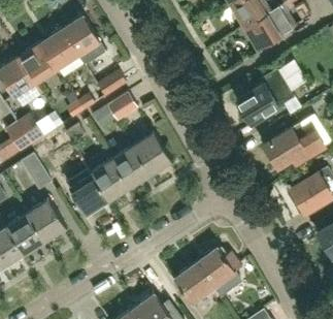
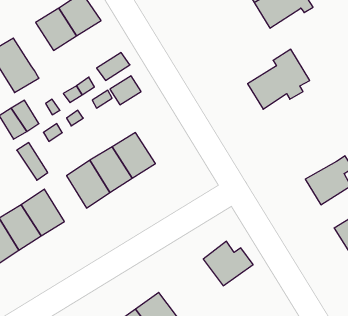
building: [19,42,56,83] -> none
building: [263,122,325,167] -> none
building: [132,130,171,173] -> none
building: [173,262,213,302] -> none

